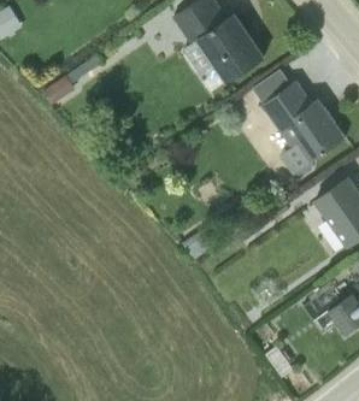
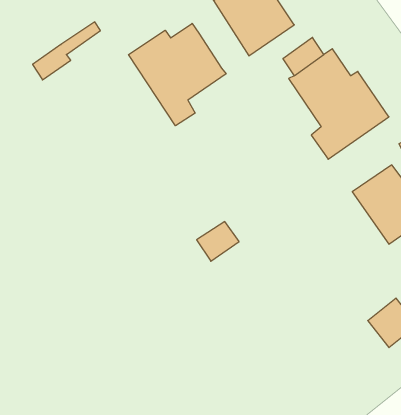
building: none -> [129,23,226,126]

